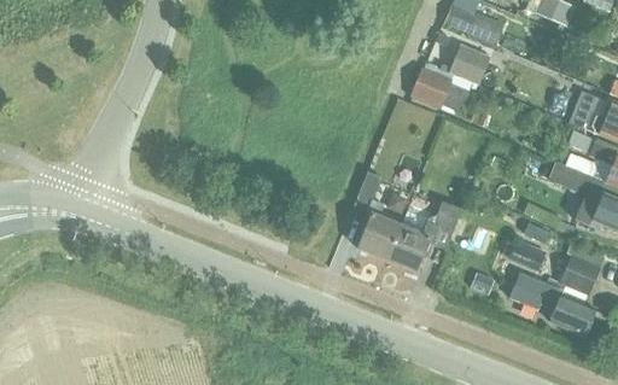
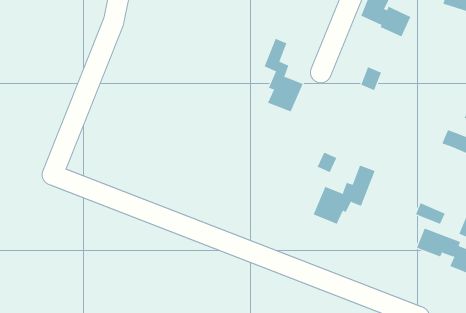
building: [449,43,490,82] -> none
building: [410,66,450,106] -> none
building: [354,170,401,258] -> [264,38,303,112]

